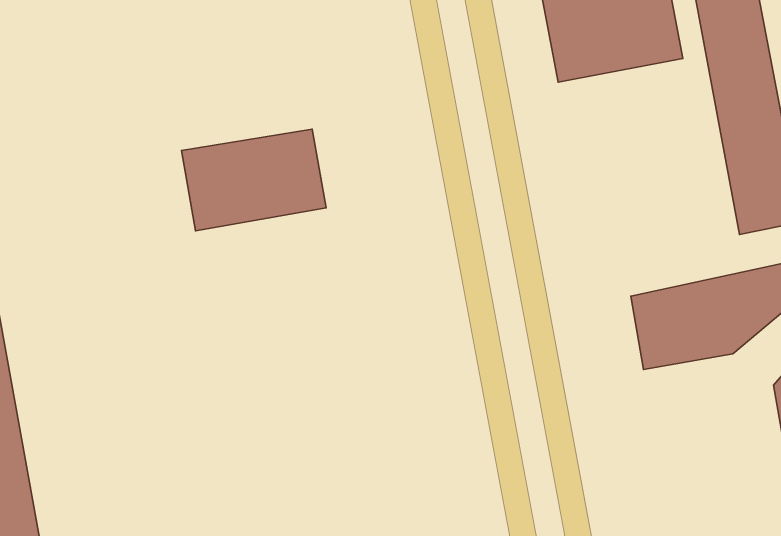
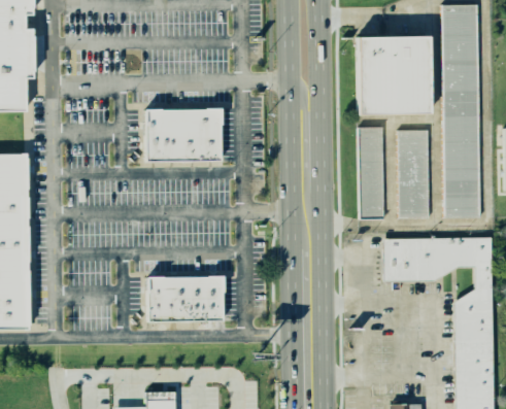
building: none -> [399,128,430,215]
building: none -> [360,126,385,217]
building: none -> [145,274,221,320]

